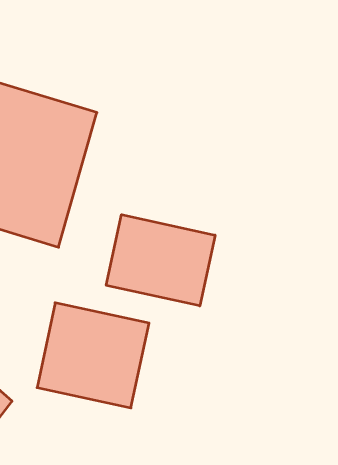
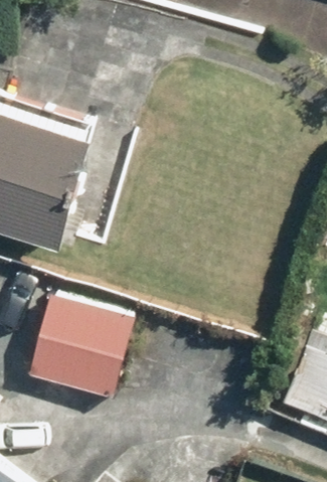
building: [106,215,215,306] -> none

